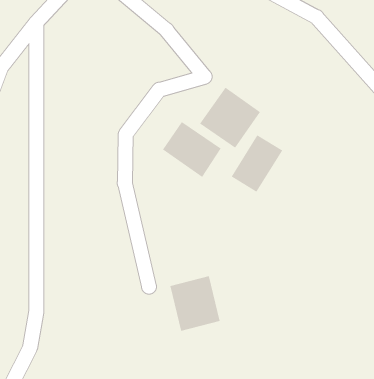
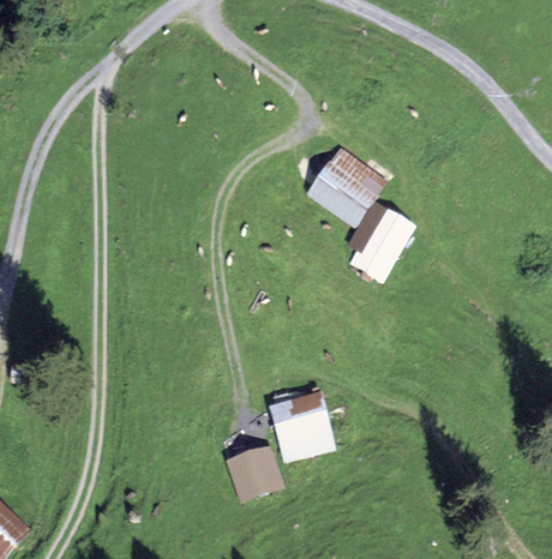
building: [162,121,222,178] -> none
building: none -> [224,444,283,501]

